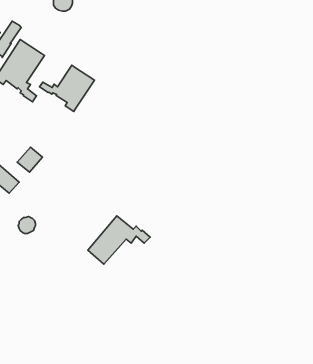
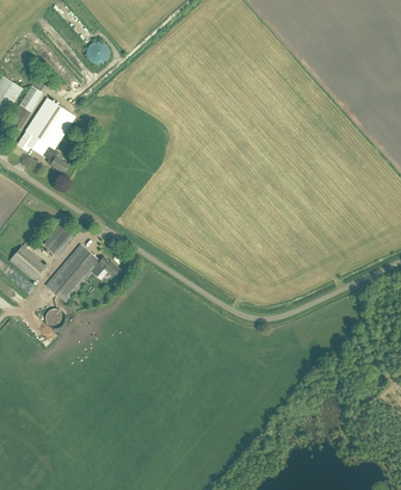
building: [40,65,94,112] -> none
building: [88,216,150,264] -> [45,244,119,302]

